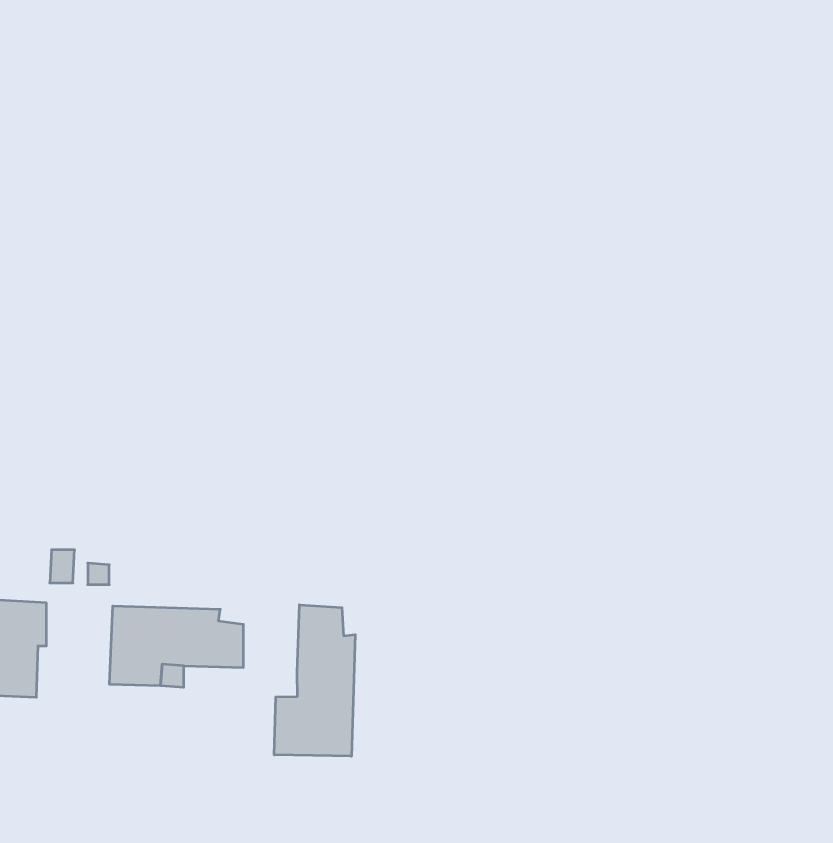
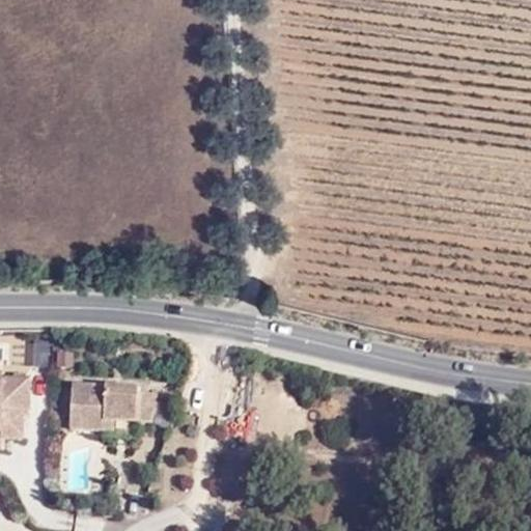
building: [274,605,355,756] -> none

